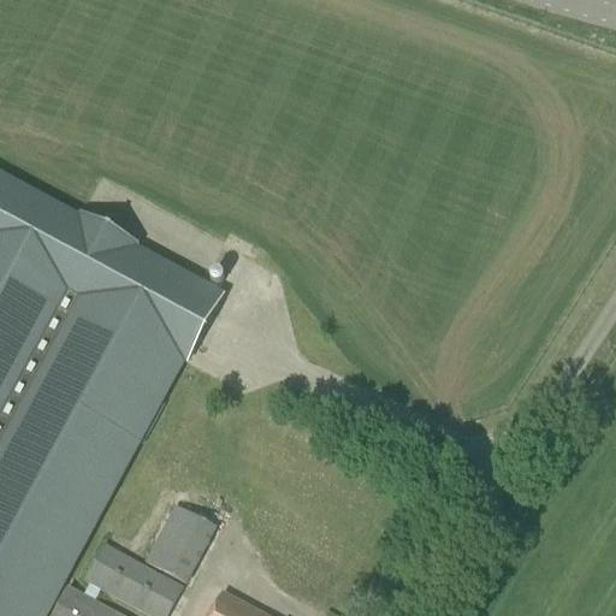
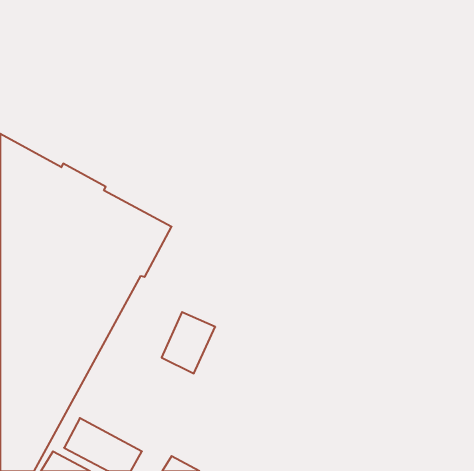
building: [152,502,221,581] -> [162,312,215,373]

